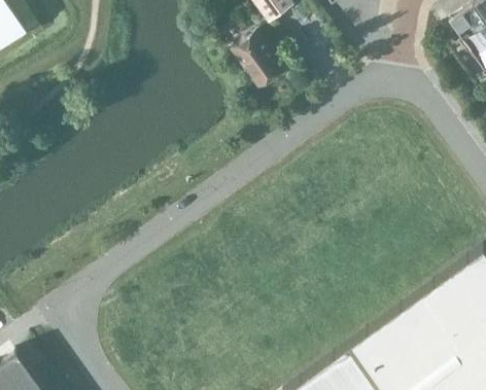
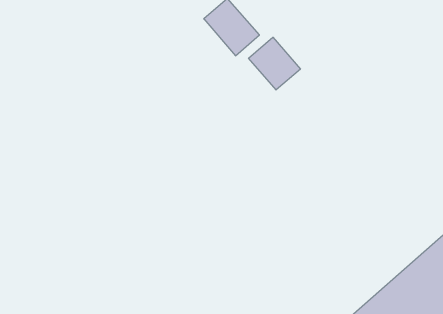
building: none -> [249,37,300,90]

